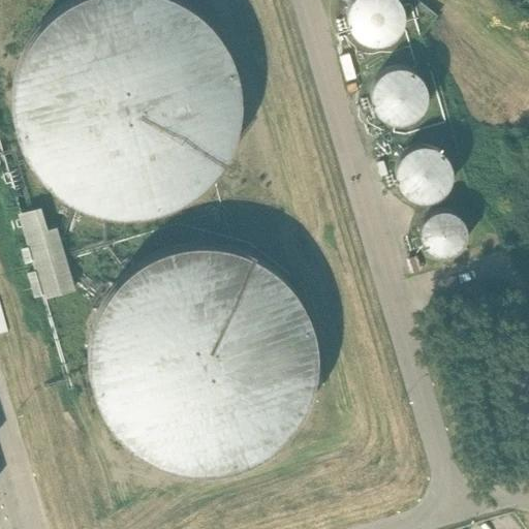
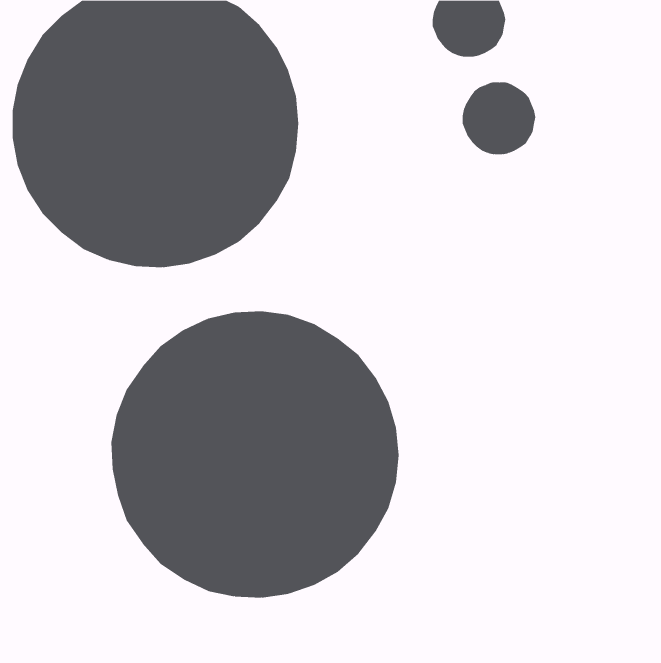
building: [395,148,453,206] -> none
building: [22,208,75,299] -> none
building: [424,214,471,261] -> none

